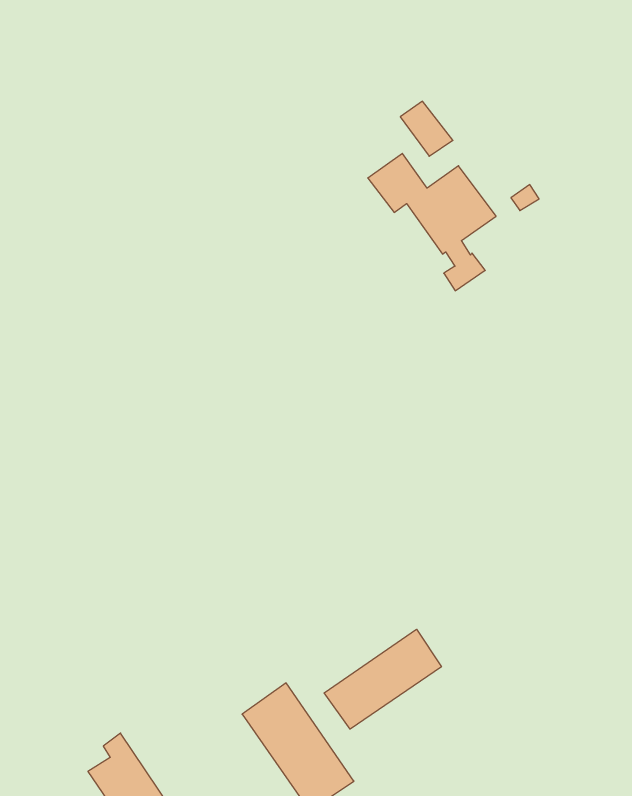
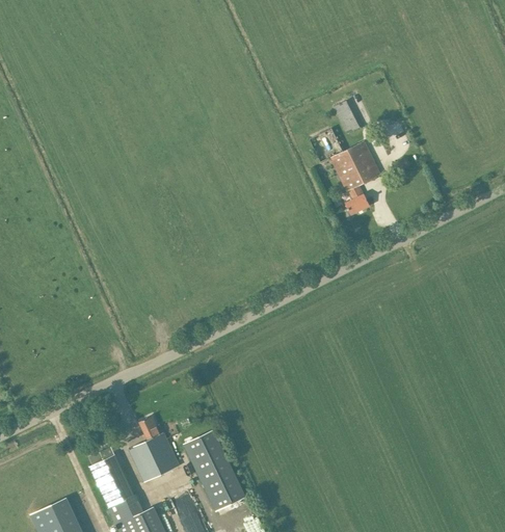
building: [324,629,441,729] -> none
building: none -> [128,417,179,483]

